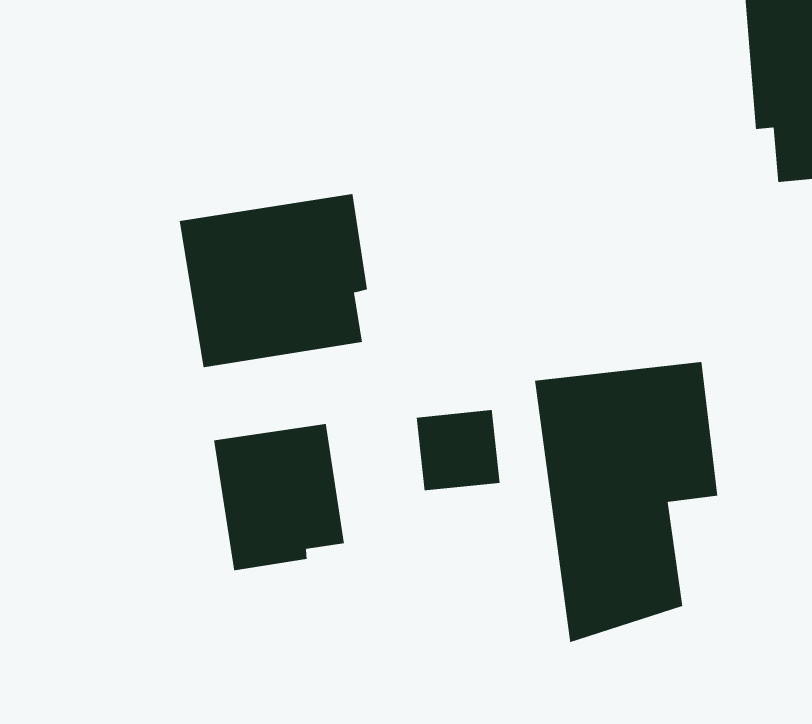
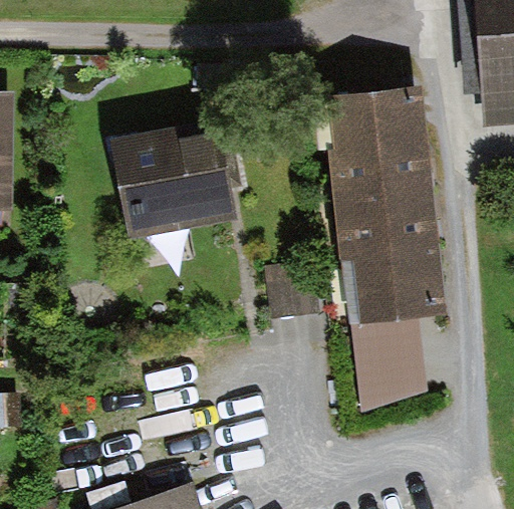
building: none -> [327,98,443,246]
building: [213,423,344,571] -> none

